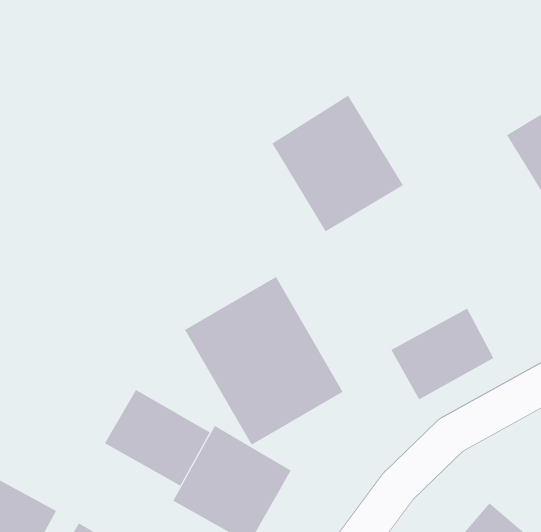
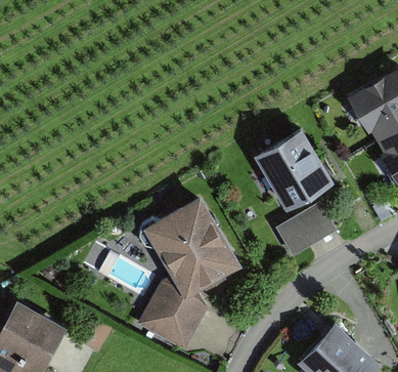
building: [271,95,404,232] -> [253,130,334,214]
building: [104,389,211,486] -> none

